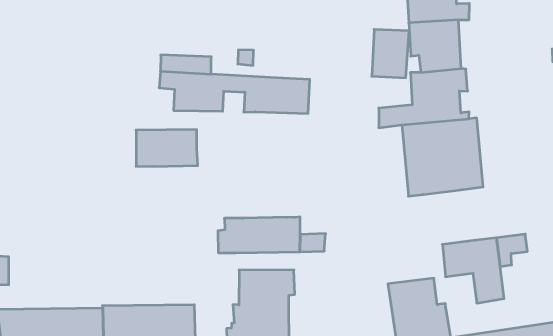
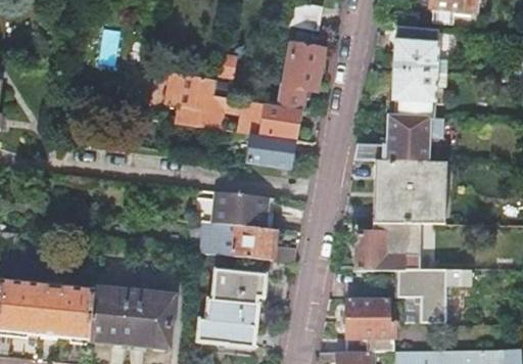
building: [372,29,409,78] -> [285,45,323,91]
building: none -> [246,133,295,168]
building: [136,130,198,166] -> [211,191,269,229]
building: none -> [359,224,421,270]

